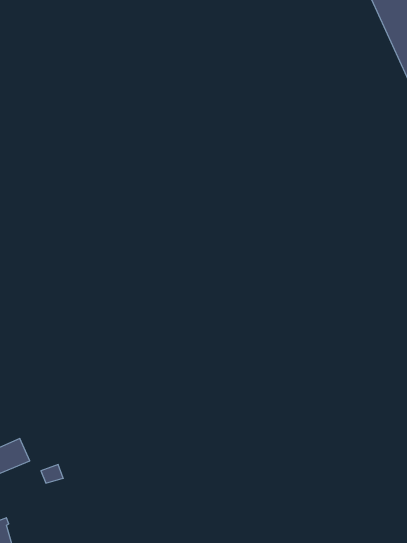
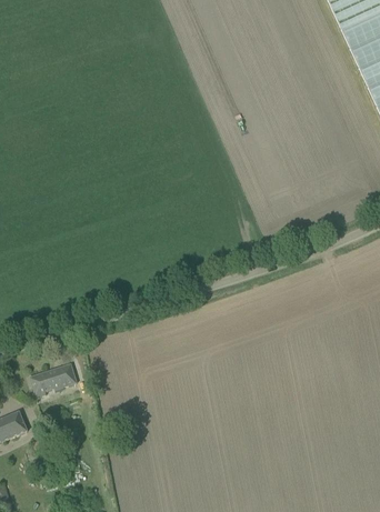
building: none -> [30,362,77,396]

